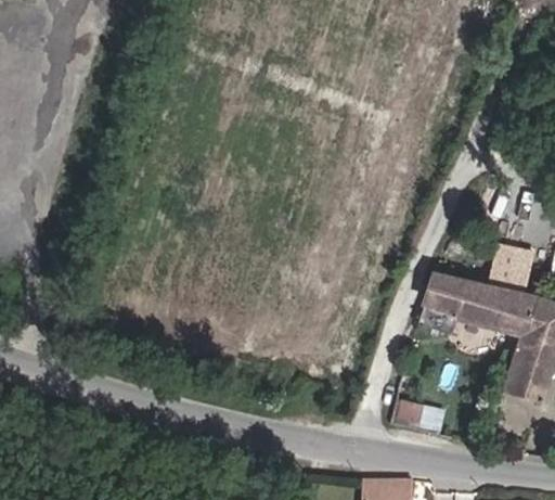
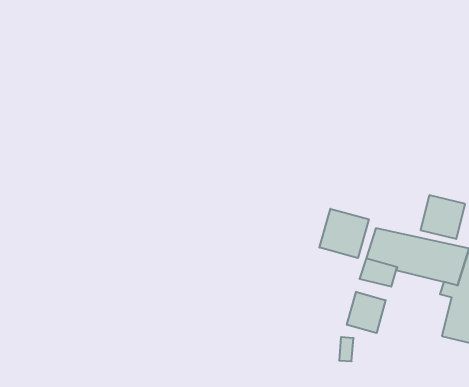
building: none -> [319,209,369,258]
building: none -> [347,292,386,333]

